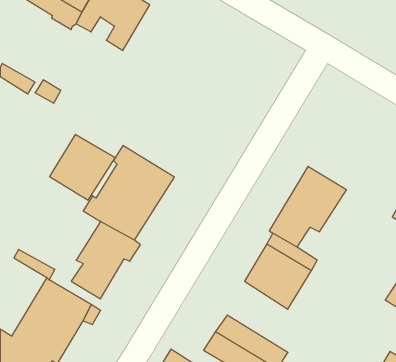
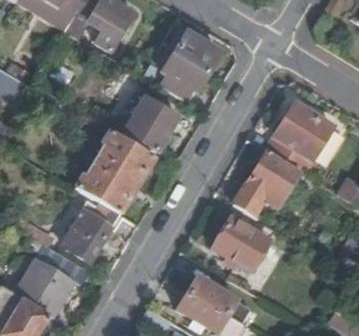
building: none -> [142,35,213,102]
building: none -> [267,103,334,173]
building: [50,135,115,200] -> [121,97,177,153]

